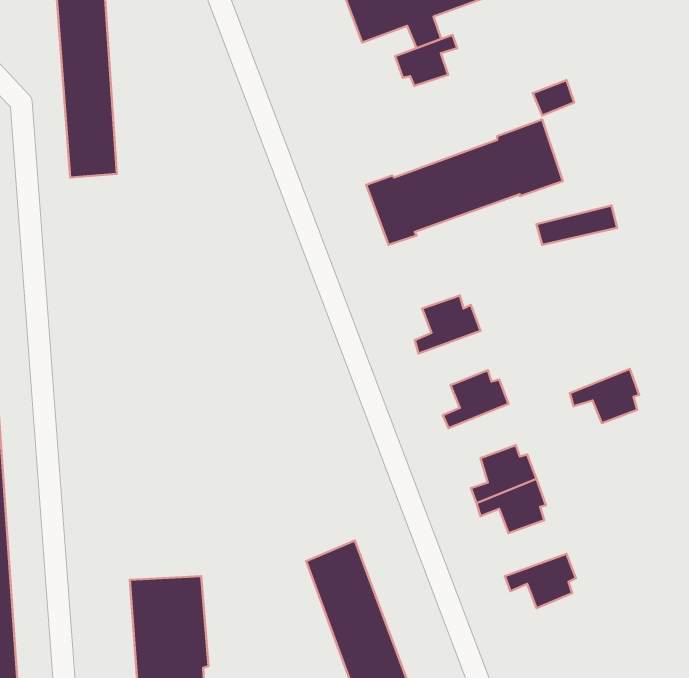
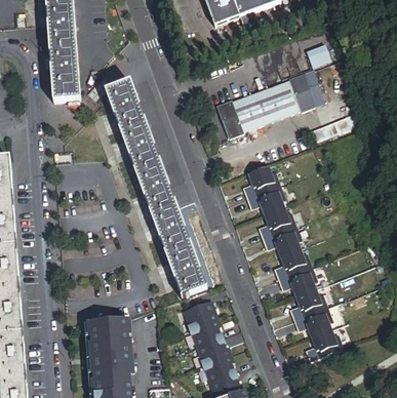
building: [395,35,457,86] -> none
building: none -> [106,82,206,297]
building: none -> [245,185,284,214]
building: [570,369,639,423] -> [262,225,300,254]
building: none -> [289,288,326,319]
building: none -> [305,328,342,360]

